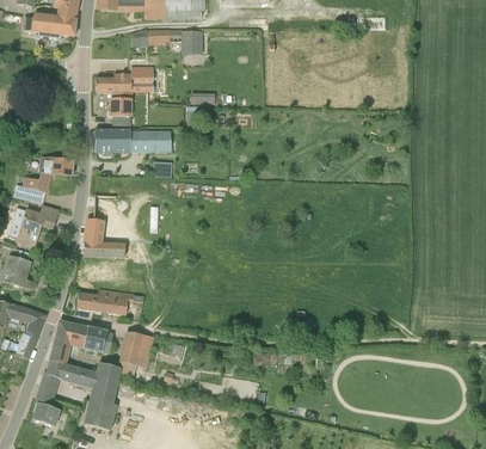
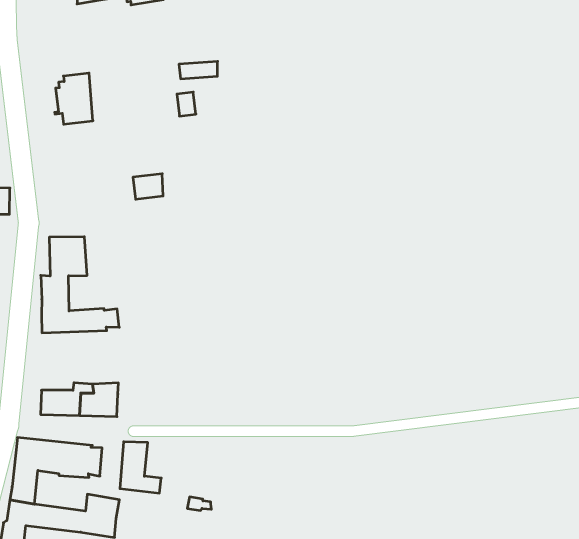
building: [94,72,140,94] -> none
building: [94,129,171,152] -> none

